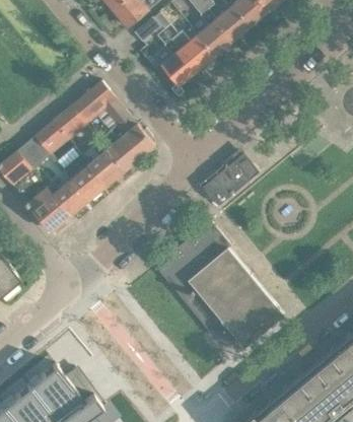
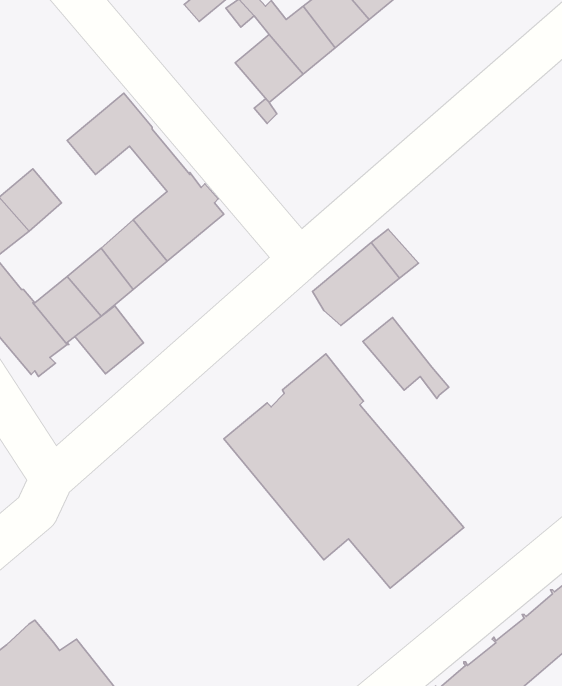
building: [53,108,86,141] -> none
building: none -> [75,306,143,374]
building: none -> [363,317,449,398]

